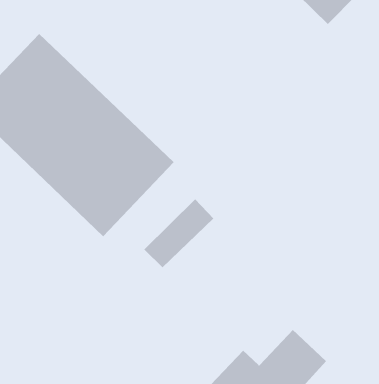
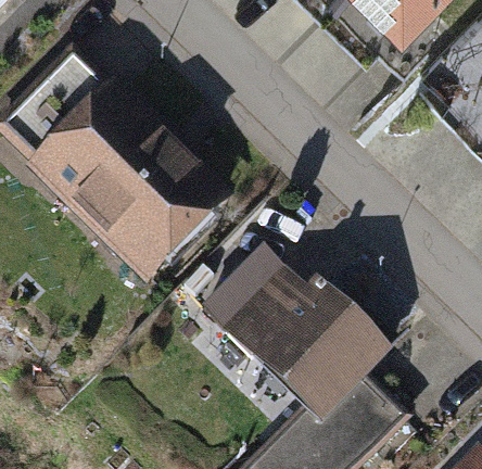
building: none -> [223,261,390,424]

